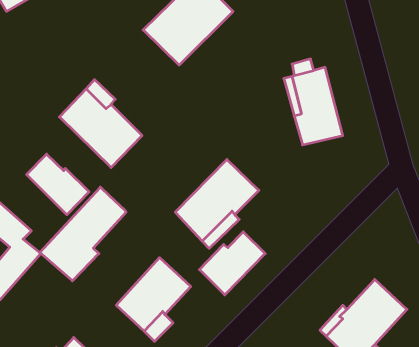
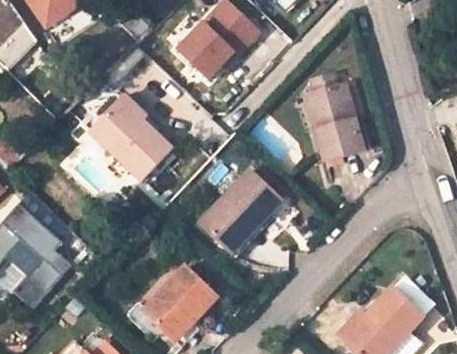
building: [27,154,89,215] -> none
building: [40,187,126,281] -> none
building: [199,232,265,295] -> none

